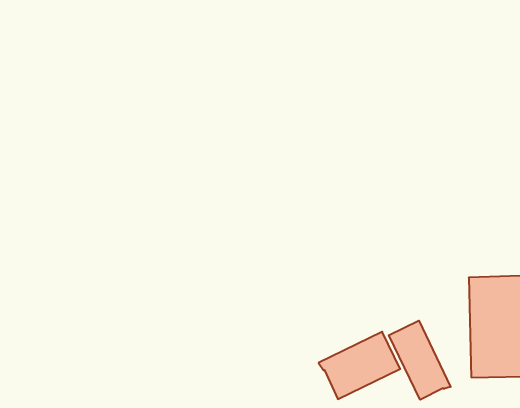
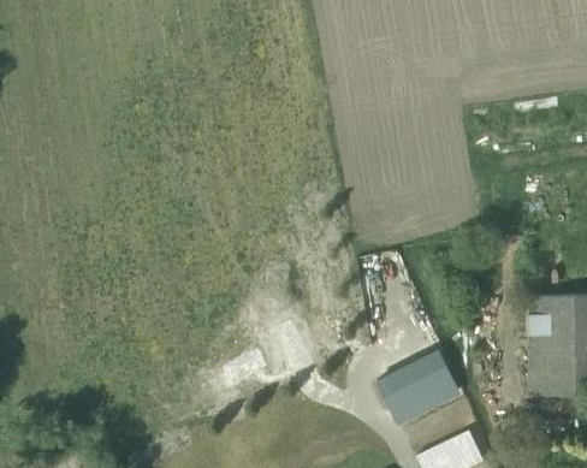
building: [389,321,451,400] -> none

